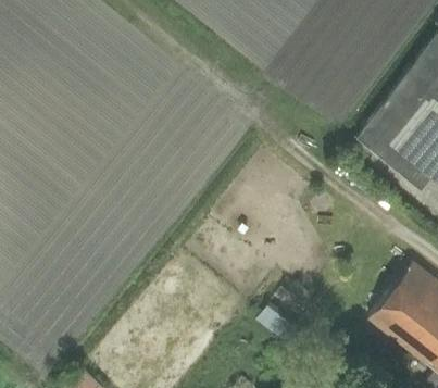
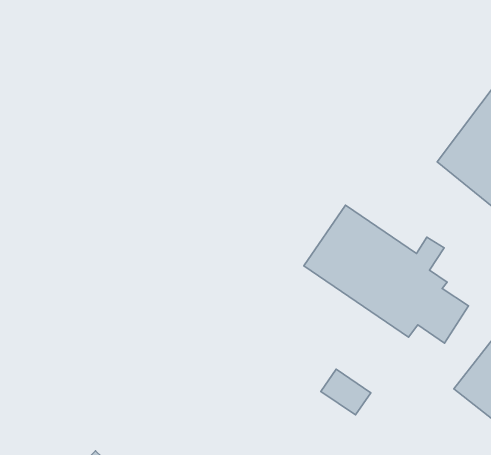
building: none -> [304,205,468,343]

